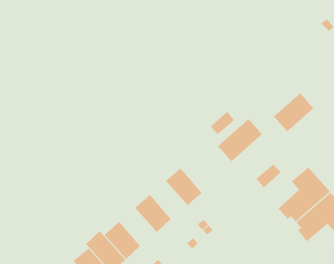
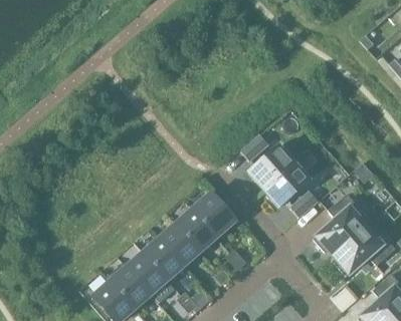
building: [273,89,314,132] -> [263,159,308,207]
building: none -> [176,210,216,251]
building: none -> [143,239,183,280]

